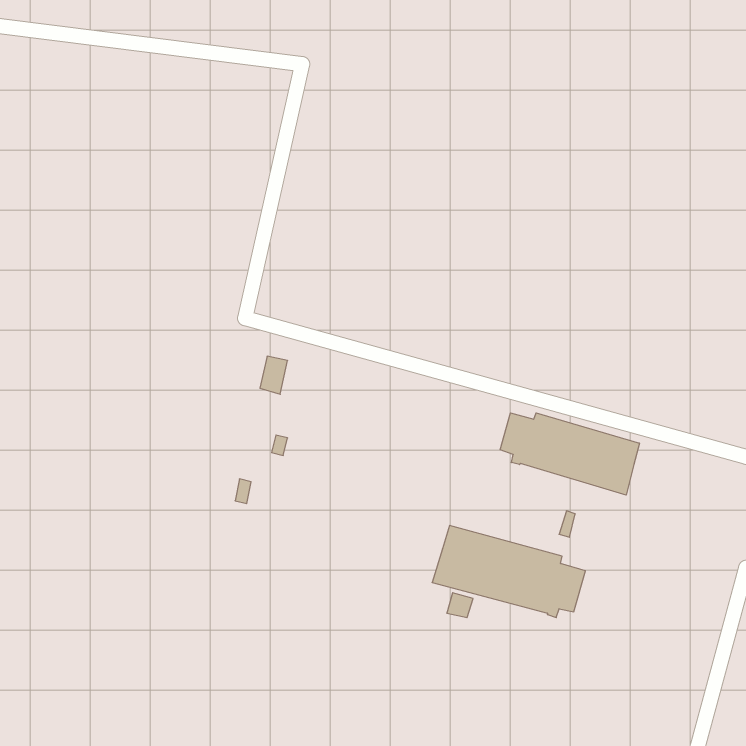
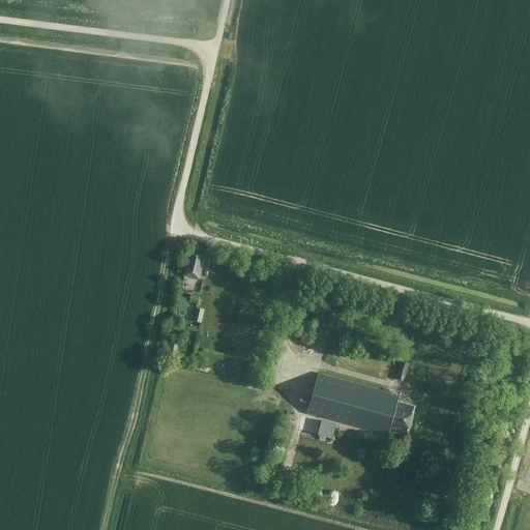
building: [500,413,639,495] -> none

